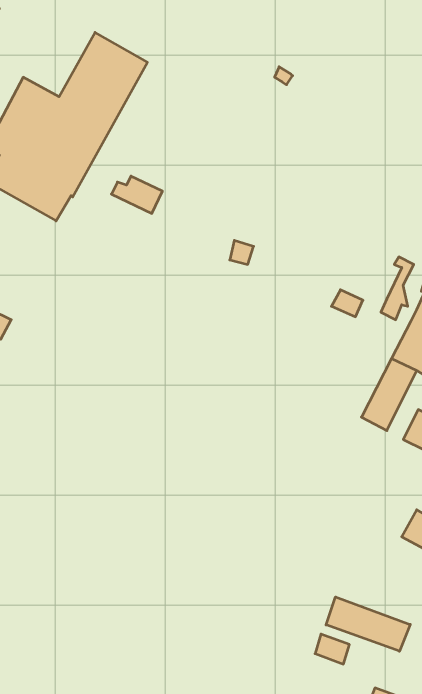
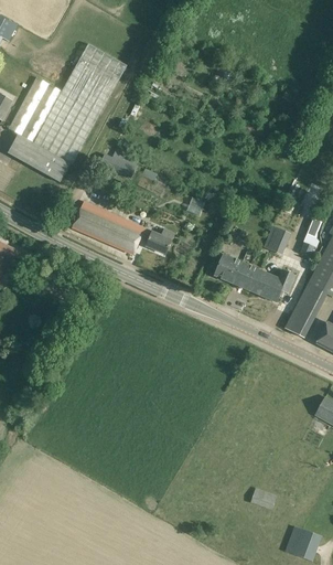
building: none -> [72,201,175,255]
building: none -> [214,254,297,301]
building: [326,597,410,651] -> none

